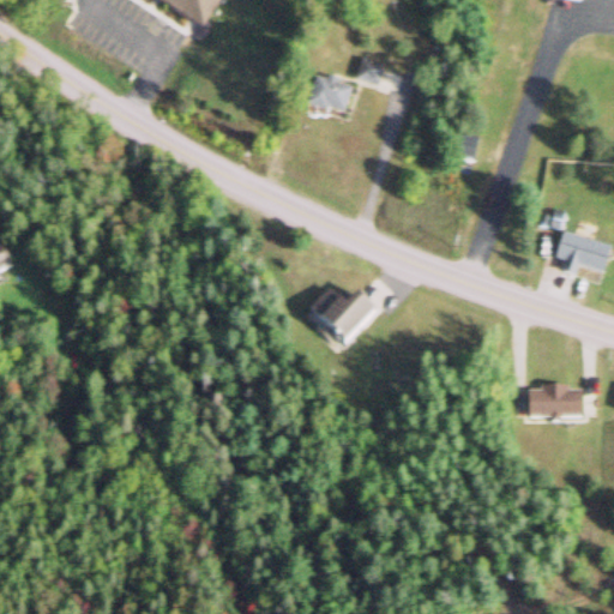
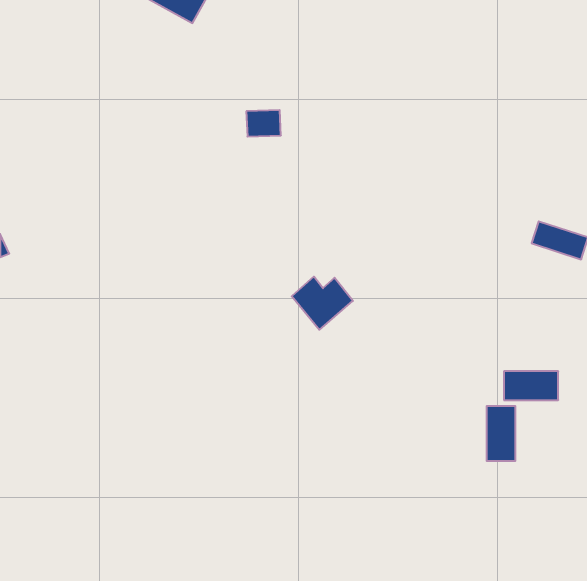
building: [312,76,348,103] -> [246,110,281,137]
building: none -> [487,406,515,461]

